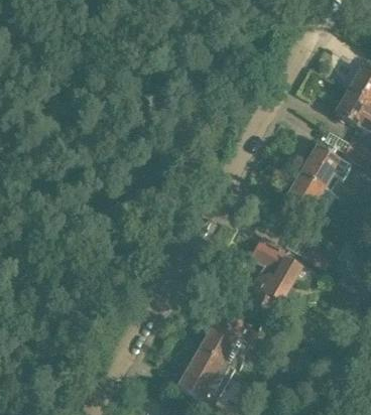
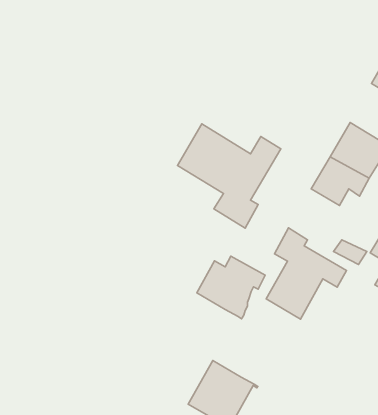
building: none -> [178,124,281,228]
building: [199,316,257,370] -> [197,256,265,319]

